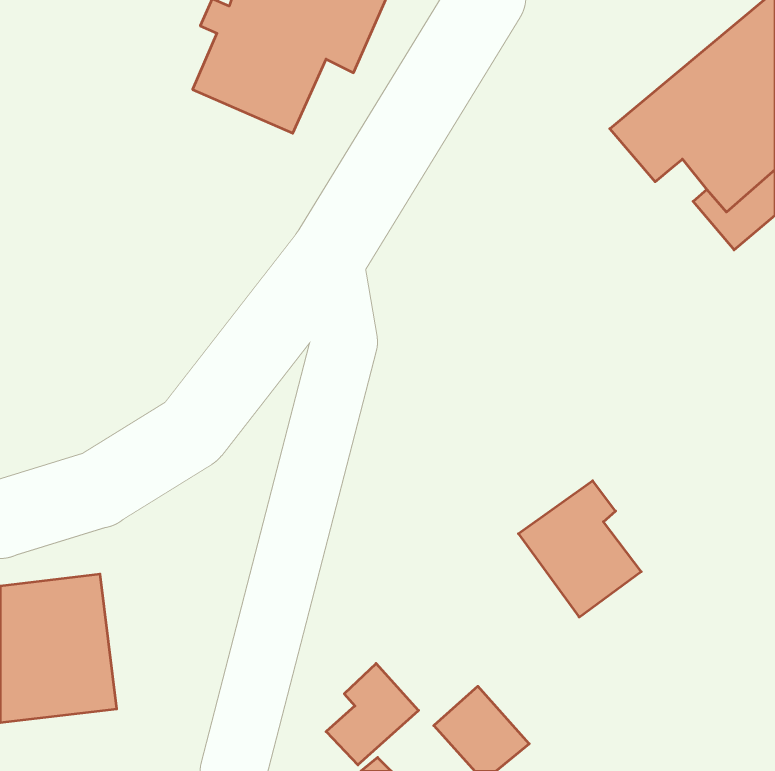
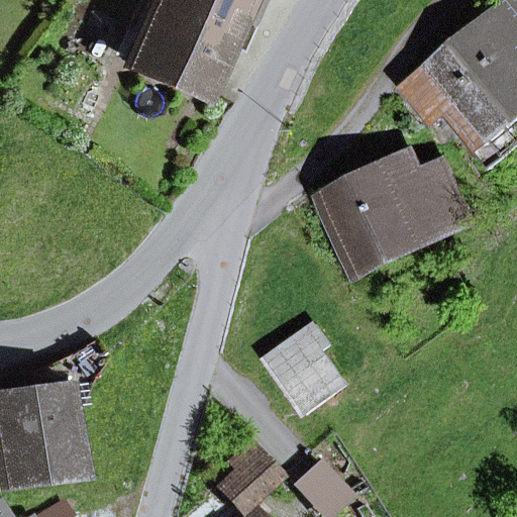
building: none -> [329,153,476,273]
building: [518,481,641,617] -> [268,324,349,415]

